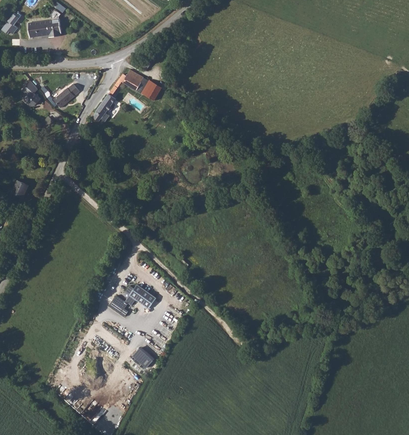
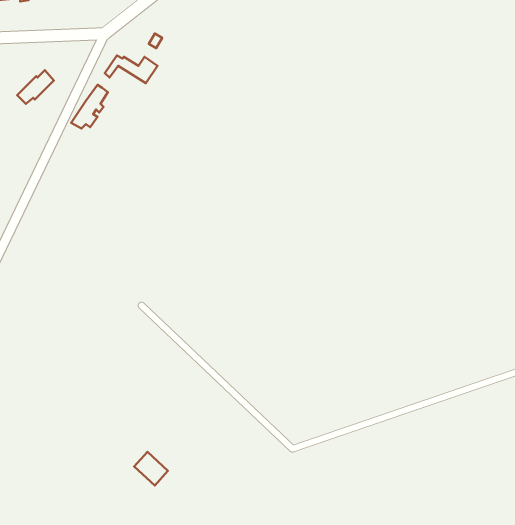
building: [125,285,156,309] -> none

